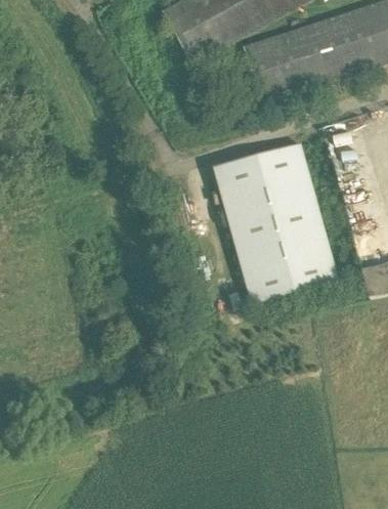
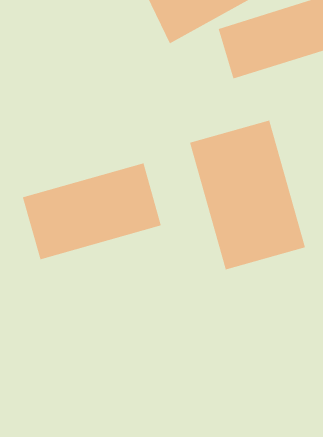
building: none -> [22,163,162,260]

